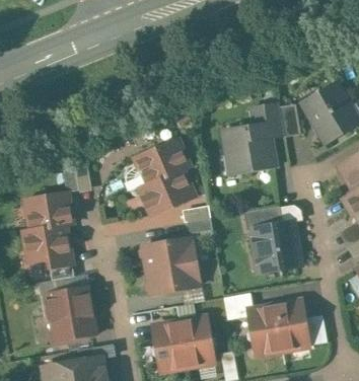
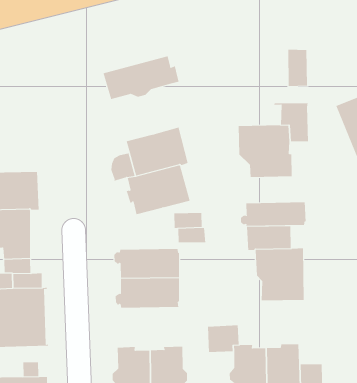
building: none -> [103,55,179,100]
building: [278,105,299,138] -> [287,49,308,87]
building: [62,165,89,190] -> none
building: none -> [240,202,306,227]

